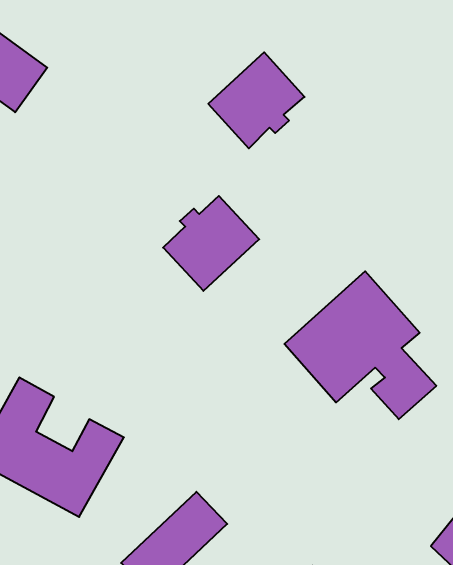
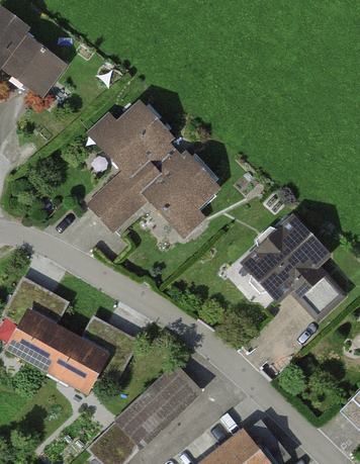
building: [208,52,305,148] -> [99,106,169,176]
building: none -> [90,180,140,229]

